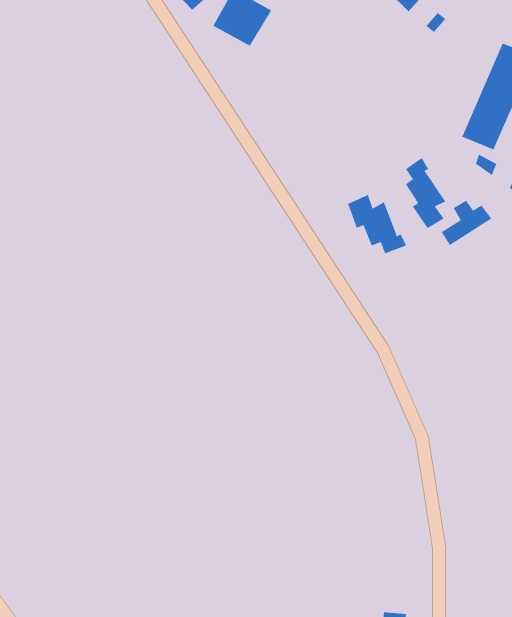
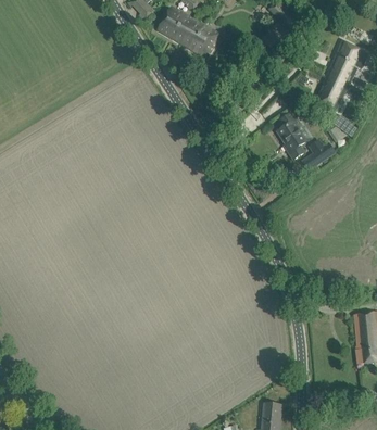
building: none -> [180,20,219,58]
building: [348,194,407,254] -> none

